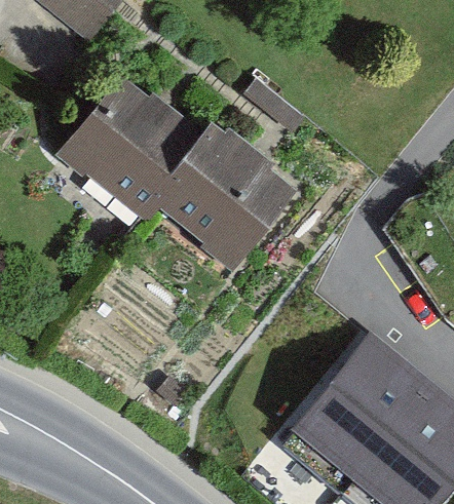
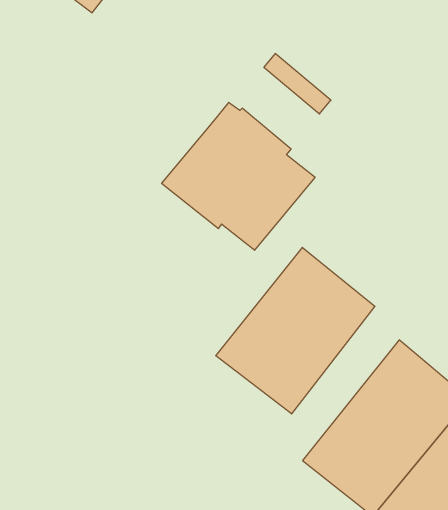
building: [66,74,201,214] -> none
building: none -> [216,247,375,414]

